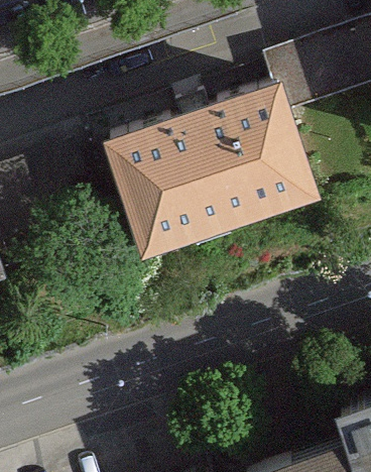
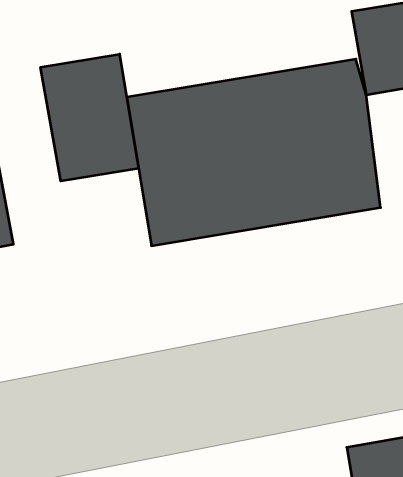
building: none -> [41,54,139,181]

